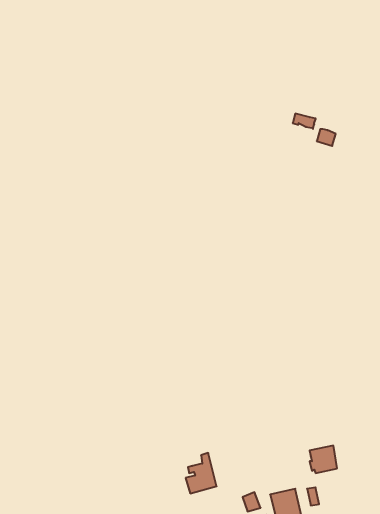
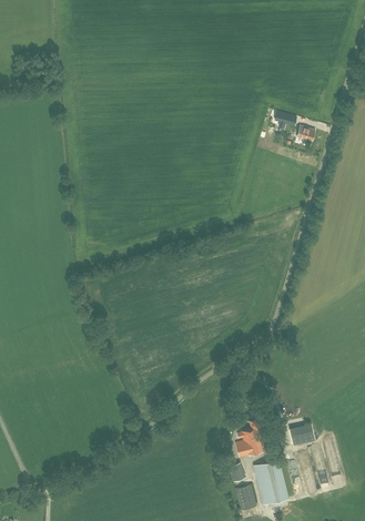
building: [186,453,217,493] -> [235,419,264,457]

